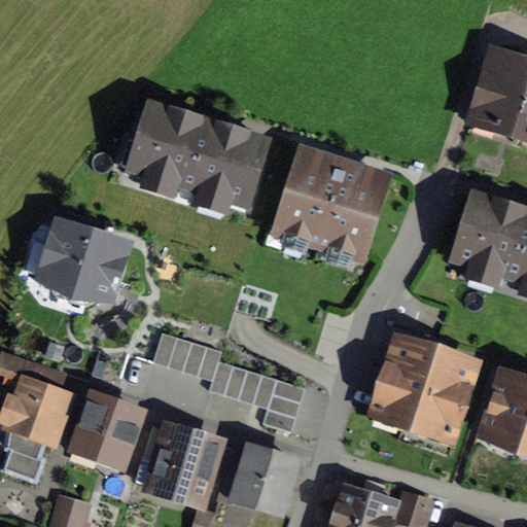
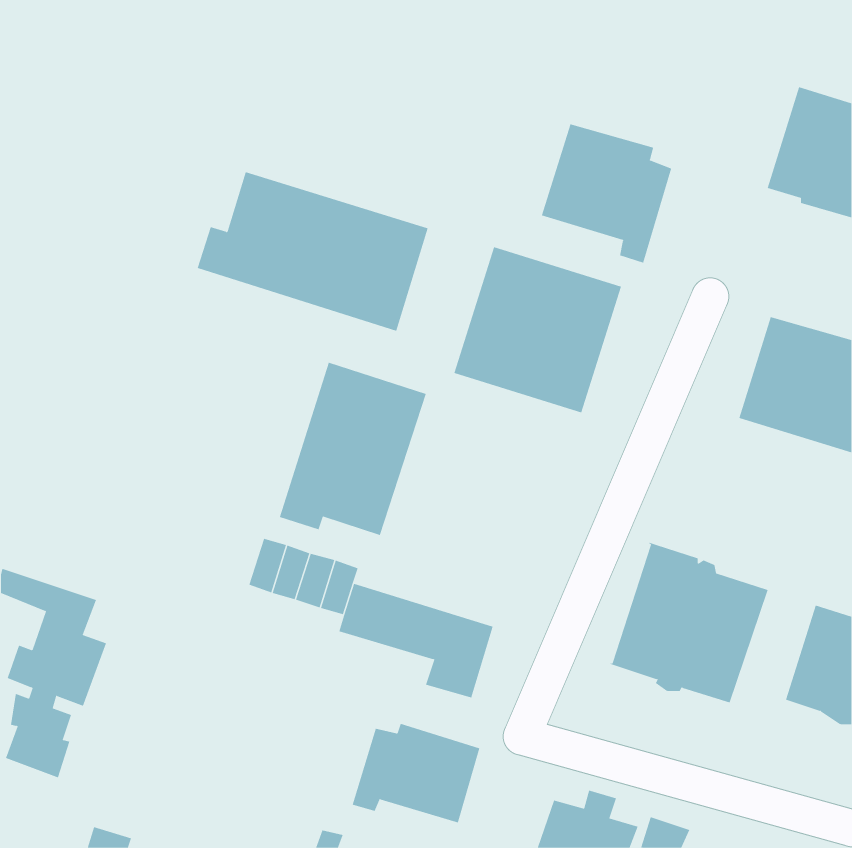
building: none -> [541,124,672,263]
building: none -> [279,362,426,536]
building: [25,225,126,297] -> none
building: [75,399,141,460] -> none
building: [136,426,226,499] -> none

